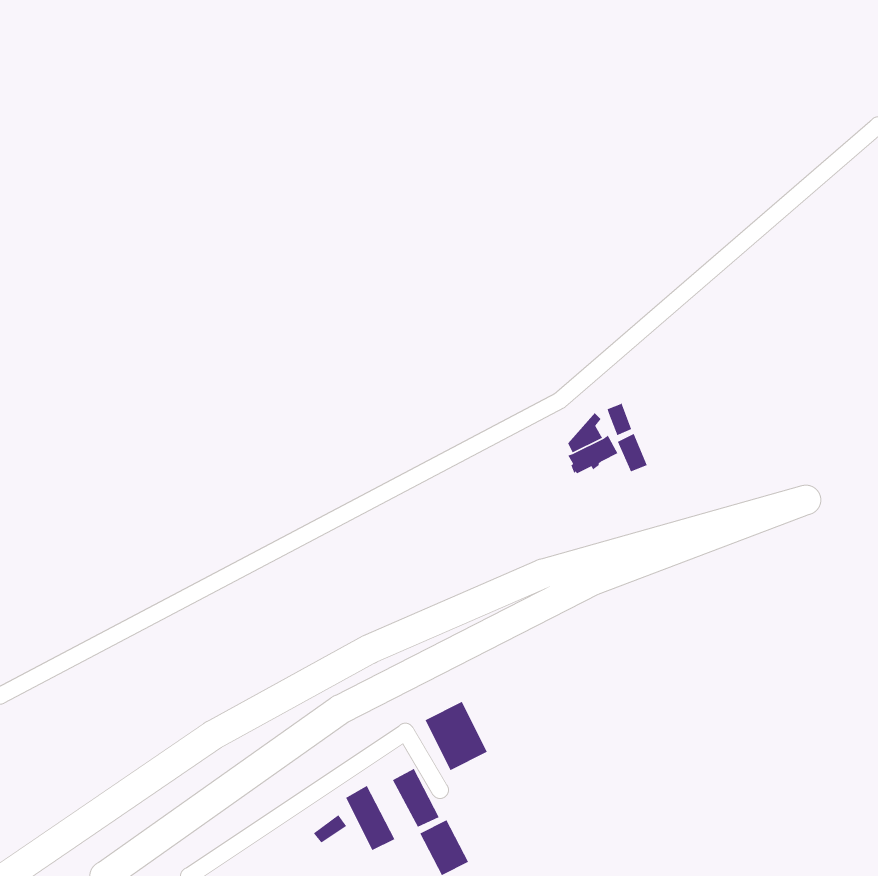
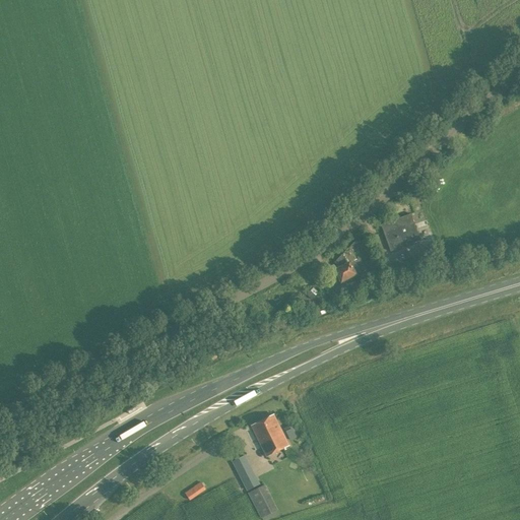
building: none -> [381,213,420,251]
building: [345,785,395,851] -> none

